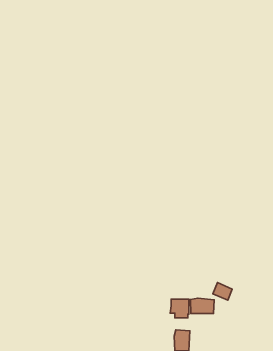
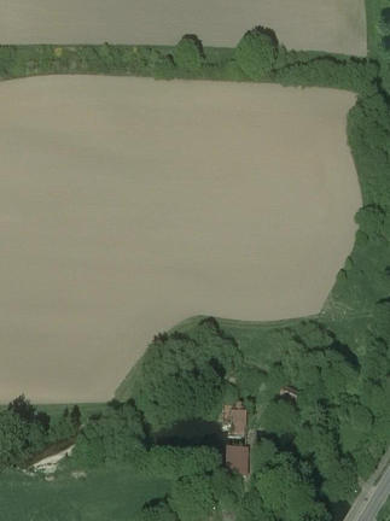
building: [191,298,214,313] -> none

